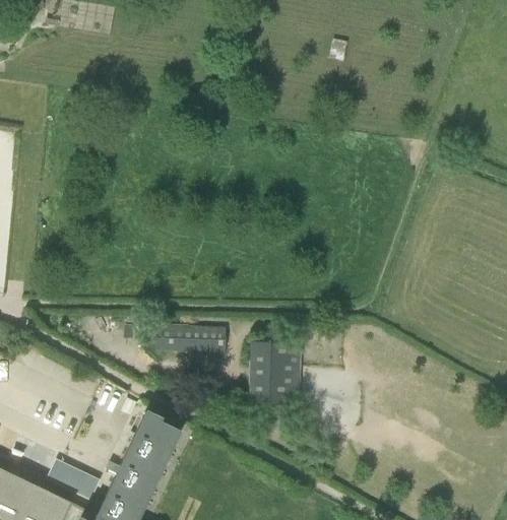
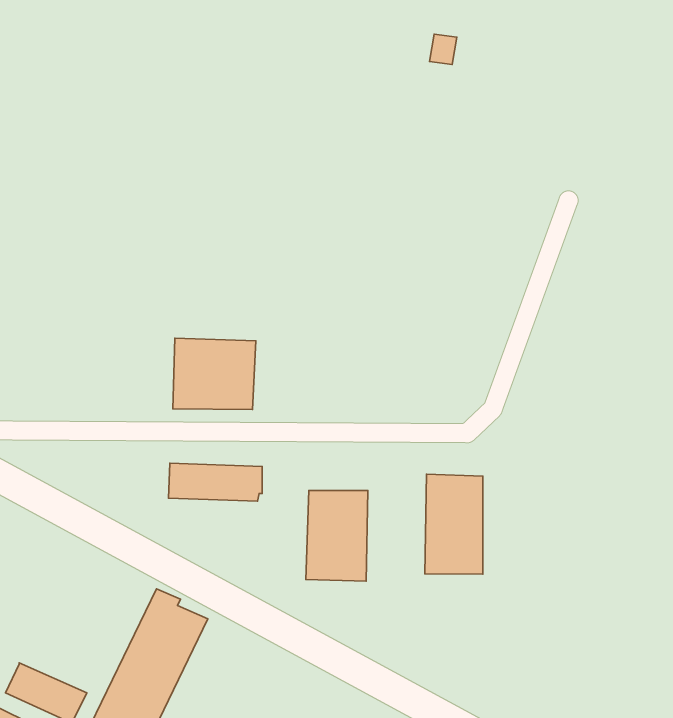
building: none -> [173,338,256,410]
building: none -> [425,474,483,574]

